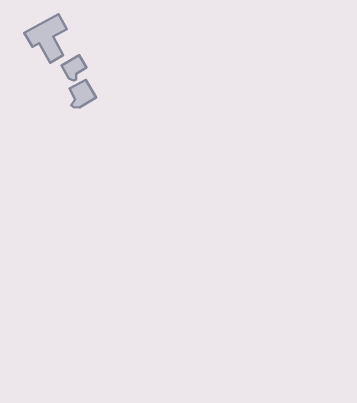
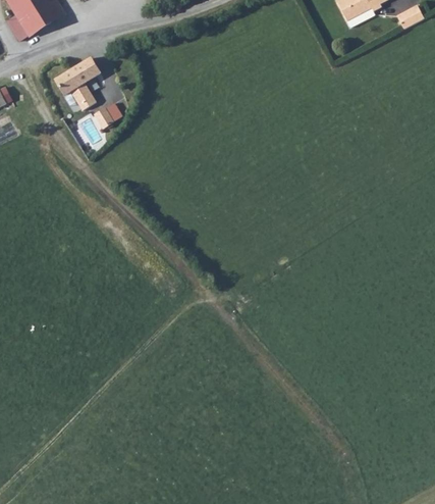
building: [70,80,96,107] -> none

